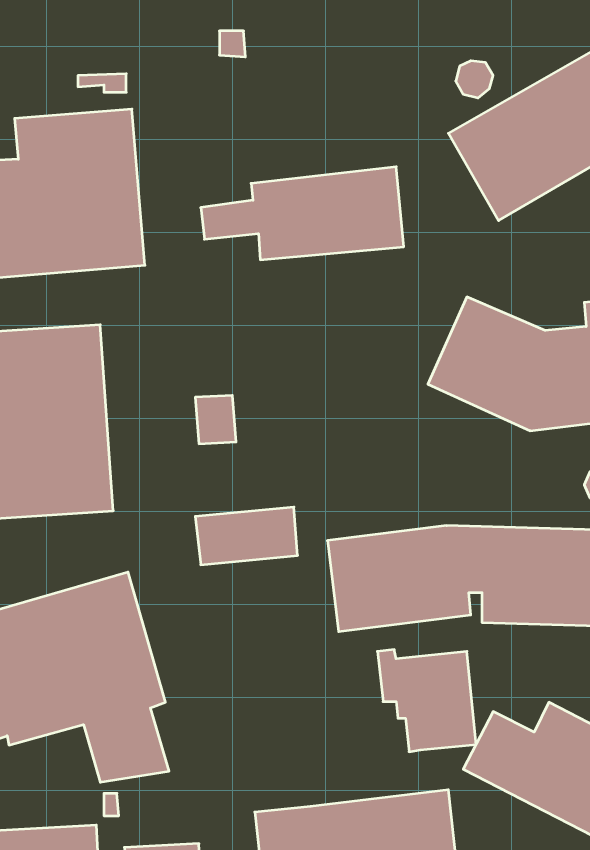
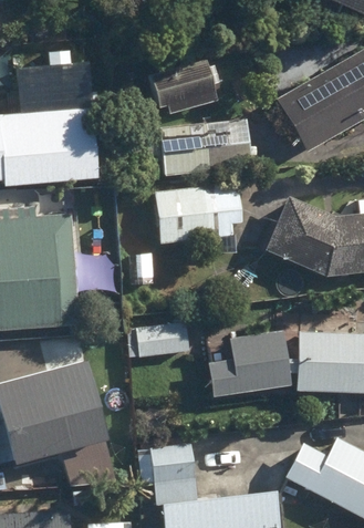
building: none -> [150,61,217,113]
building: none -> [157,186,241,255]
building: [377,650,476,752] -> [137,444,196,505]

